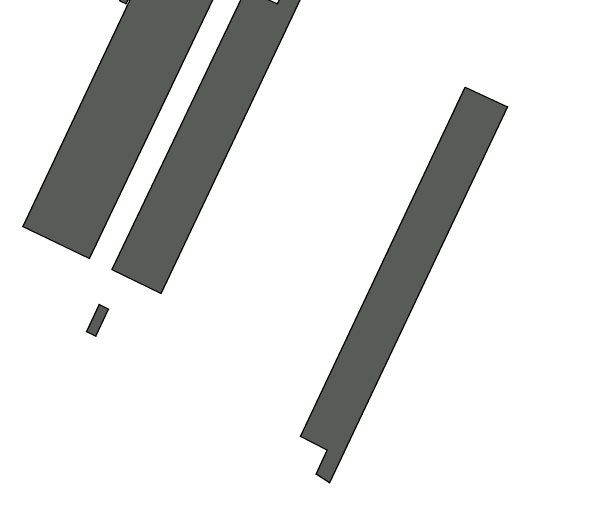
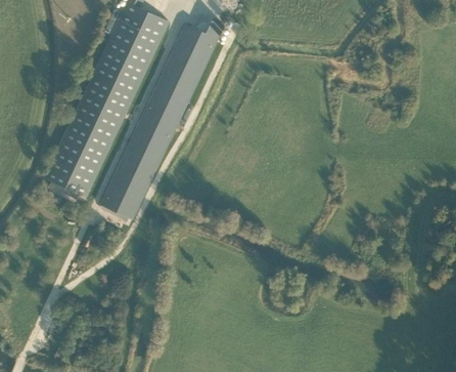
building: [301,87,508,483] -> none

